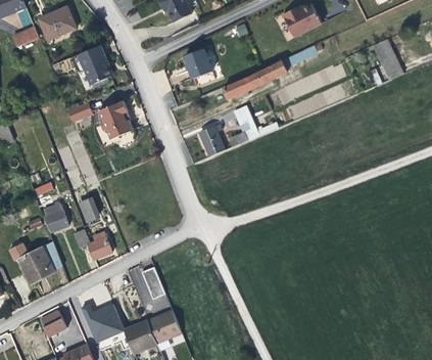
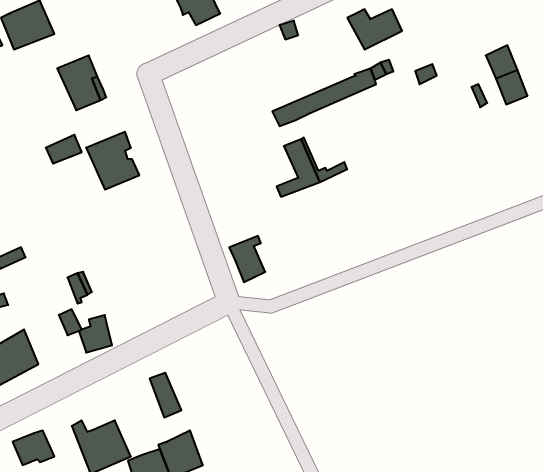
building: [188,47,215,77] -> none
building: [200,123,226,155] -> [229,236,265,282]
building: [42,202,66,230] -> none

